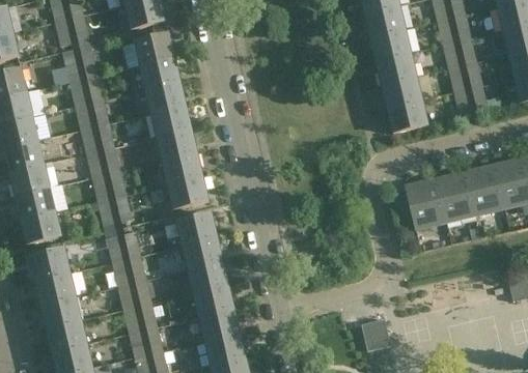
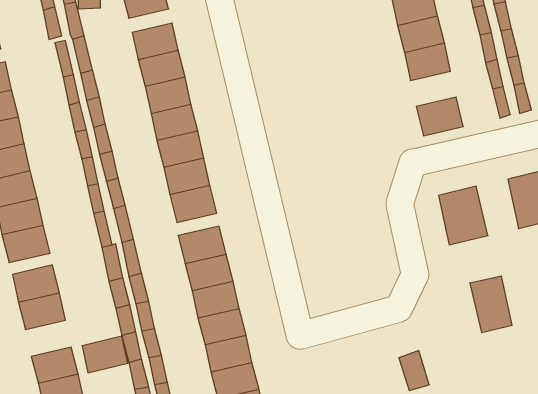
building: [380,76,420,107] -> none
building: [438,171,475,221] -> [470,276,512,332]
building: [39,295,80,327] -> [82,336,128,373]

